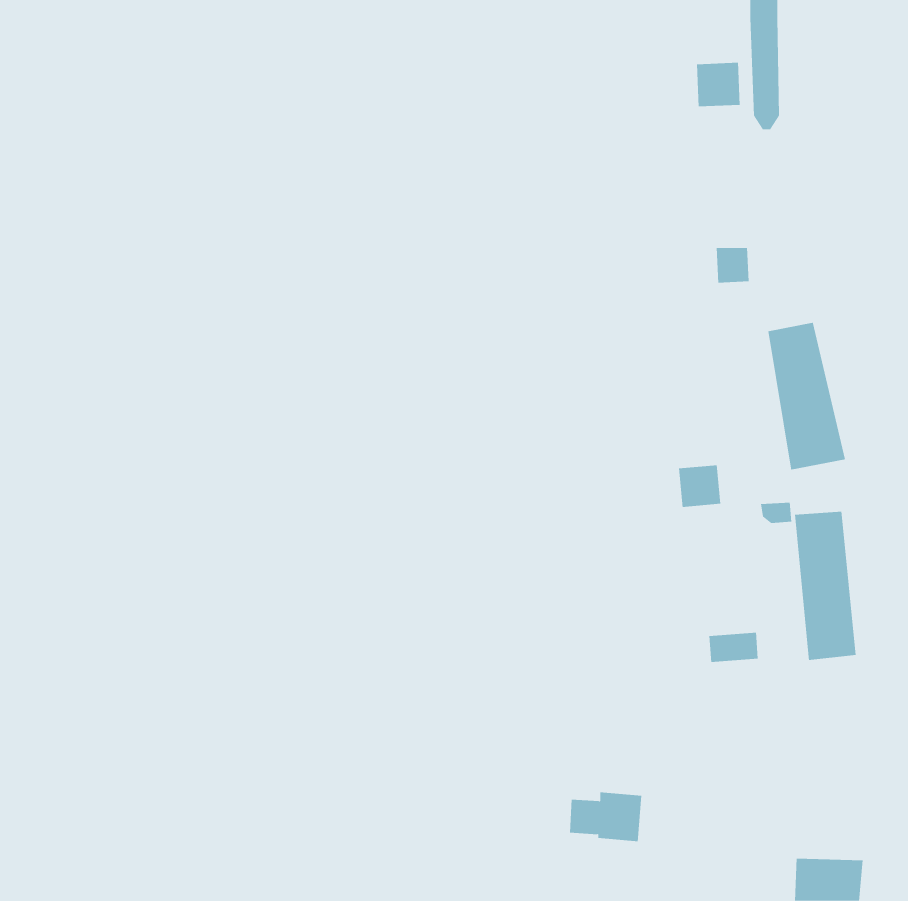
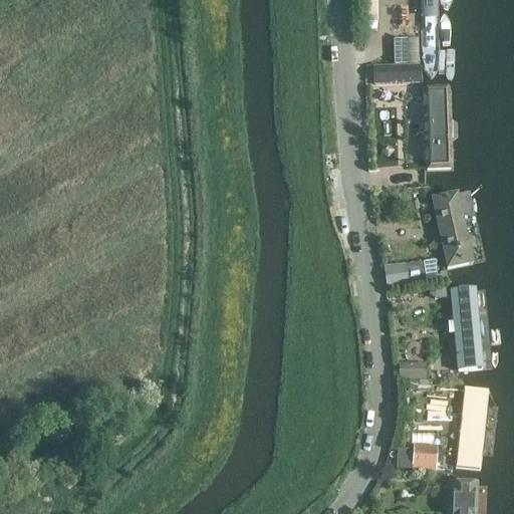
building: none -> [375,63,409,80]
building: none -> [425,92,448,171]
building: none -> [456,393,496,457]
building: [569,792,642,842] -> [397,442,438,470]

